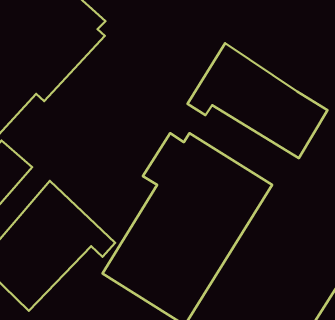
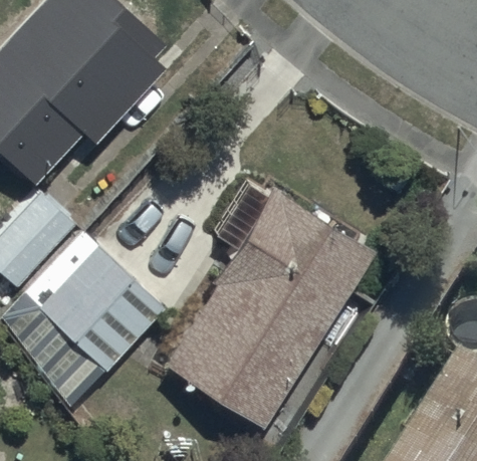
building: [187,43,328,158] -> none

